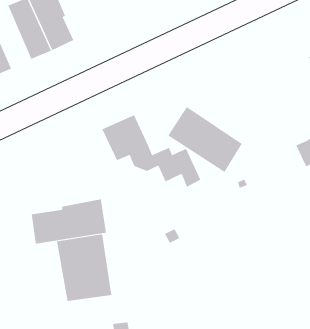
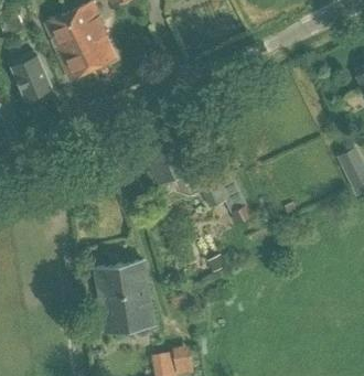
building: [167,106,243,173] -> none
building: [31,198,106,245] -> none

